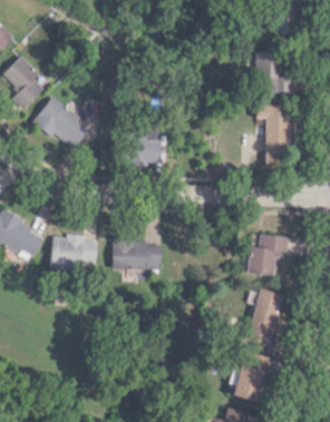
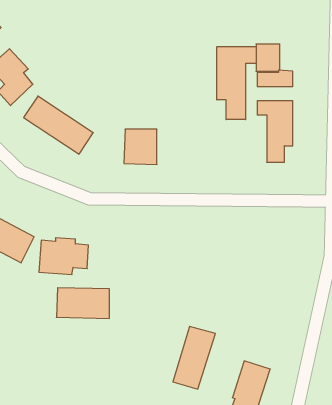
building: none -> [217,47,256,120]
building: [248,233,288,276] -> none
building: [111,241,162,269] -> [56,288,109,318]
building: [244,288,284,347] -> [173,326,215,389]

